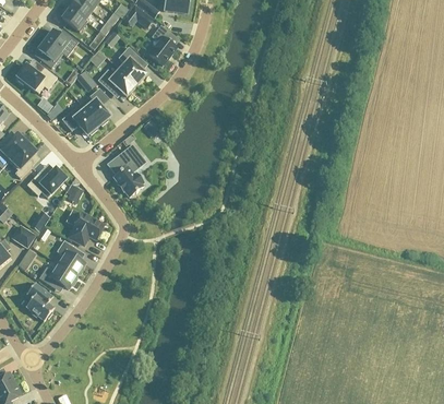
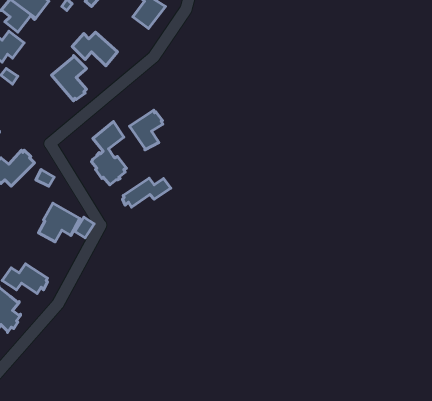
building: [117,46,146,84] -> none
building: [61,104,98,134] -> none
building: none -> [130,110,163,150]
building: none -> [122,178,171,207]
building: [56,239,85,275] -> none

